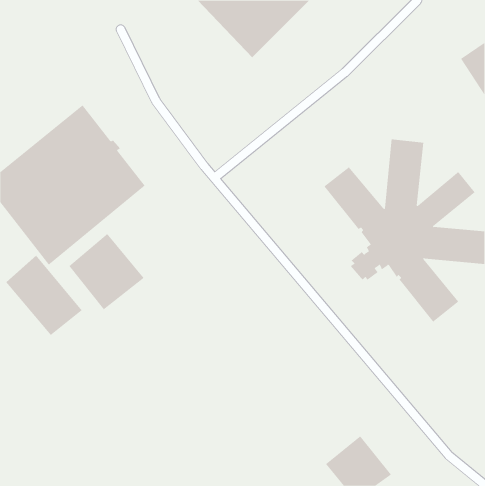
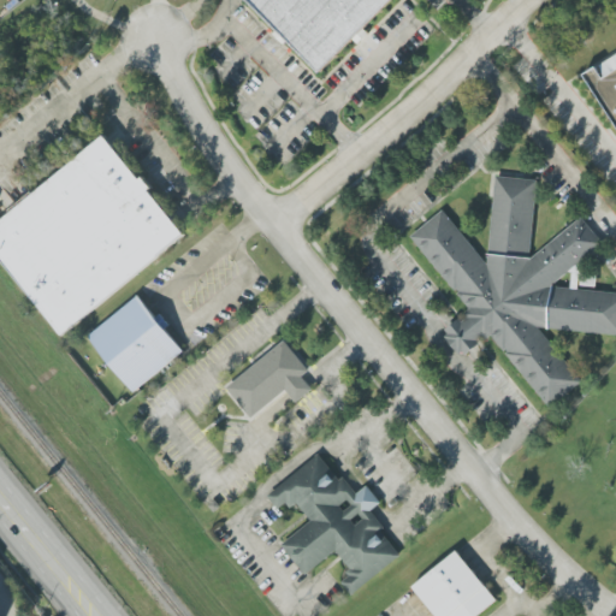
building: [6,255,83,336] -> none
building: none -> [225,340,312,419]
building: none -> [267,454,399,596]

